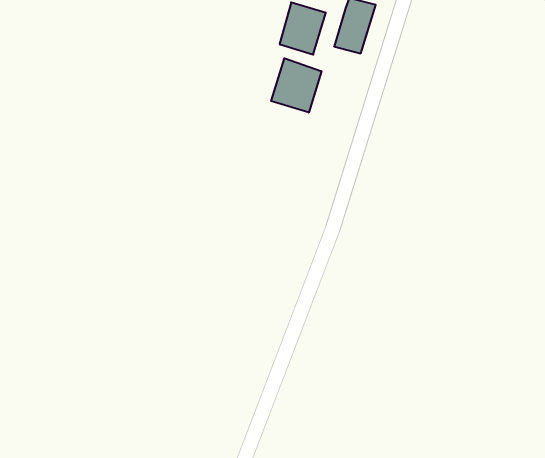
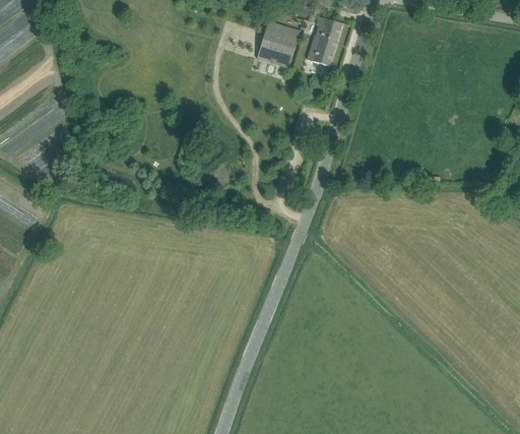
building: [271,58,321,113] -> none

